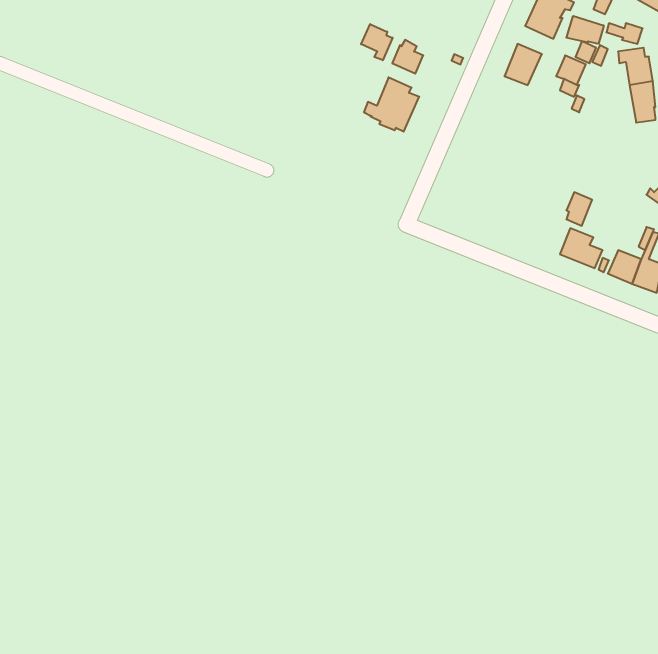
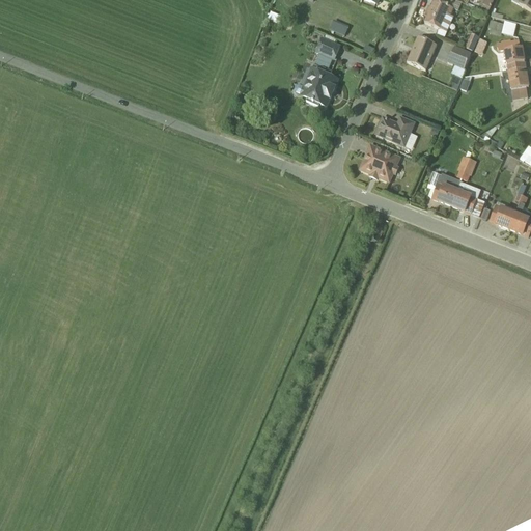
building: [566,16,604,44] -> none
building: [361,24,393,60] -> none
building: none -> [374,115,416,146]
building: none -> [360,144,401,181]
building: none -> [427,171,462,204]

